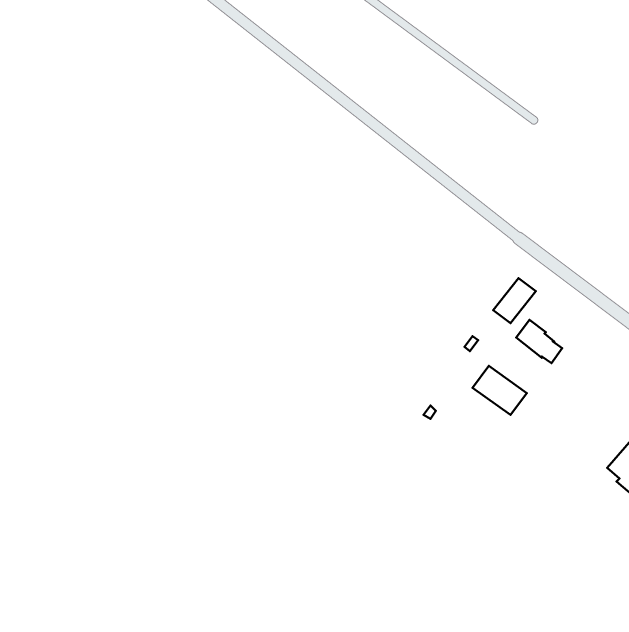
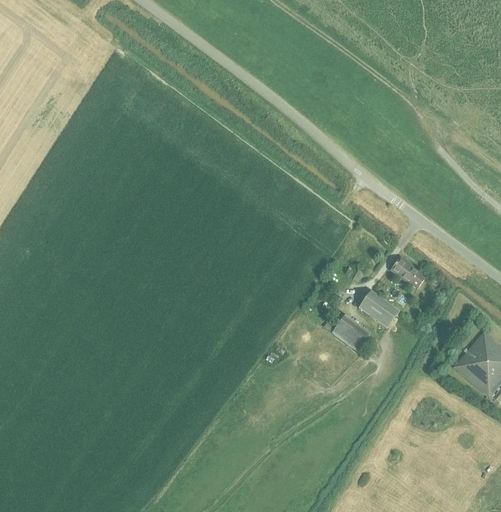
building: [493,278,536,323] -> none
building: none -> [332,316,368,349]

